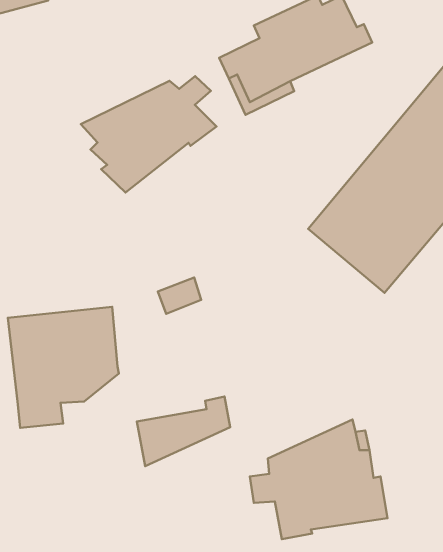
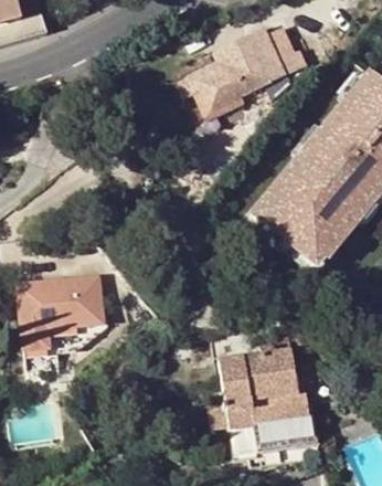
building: [81,76,216,193] -> none
building: [137,397,230,466] -> [216,338,290,393]

